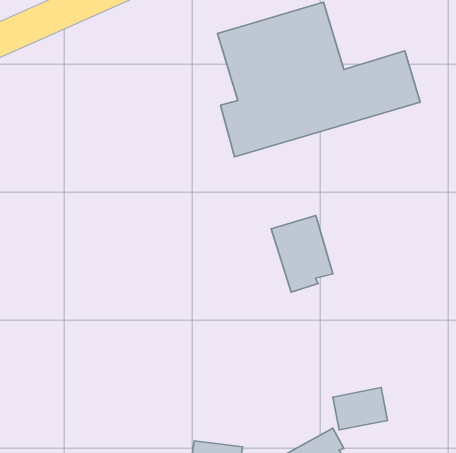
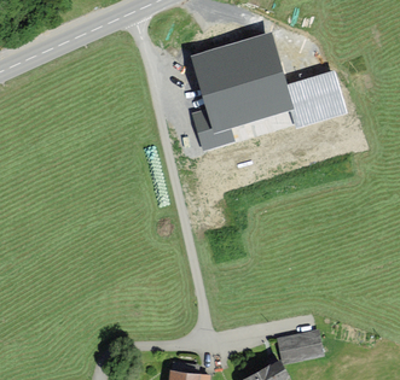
building: [271,216,333,292] -> none

